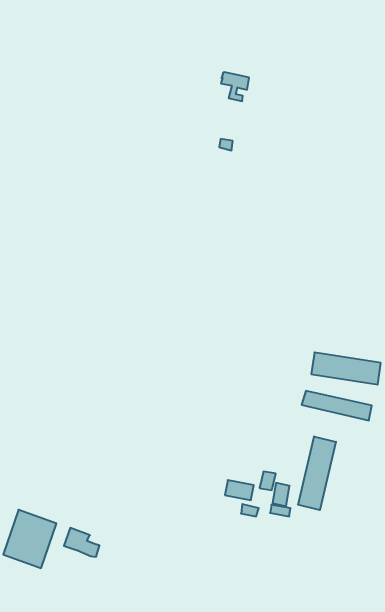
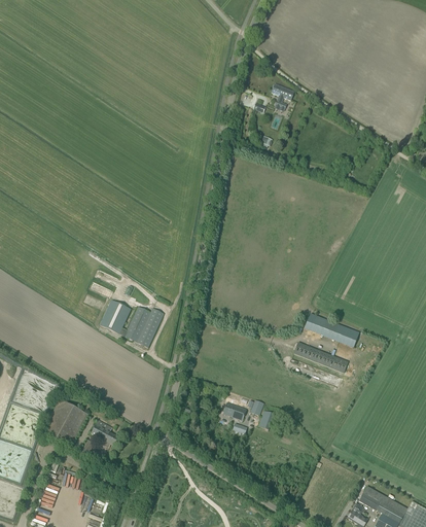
building: none -> [99,301,163,348]
building: [298,436,336,510] -> none

